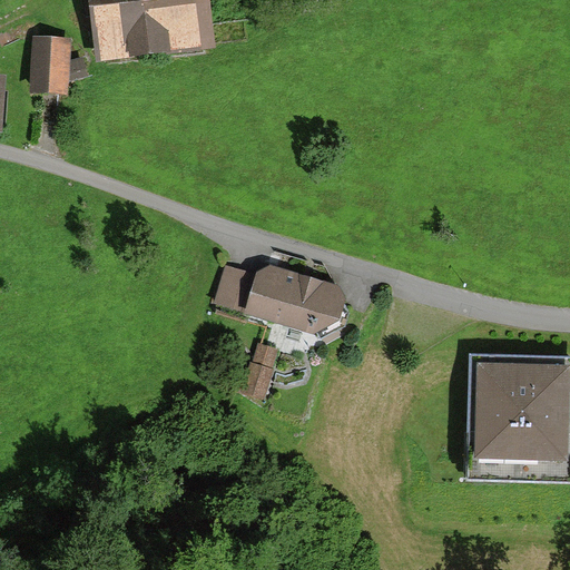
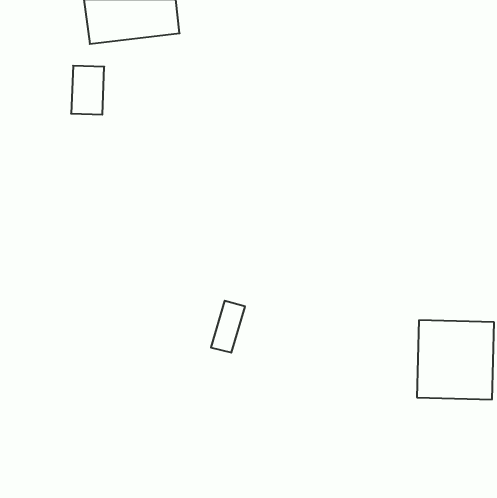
building: [30,40,68,96] -> [71,66,104,115]
building: [207,263,345,336] -> none

